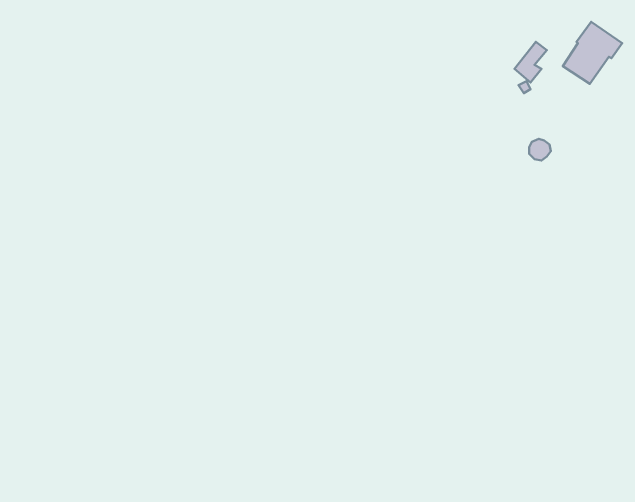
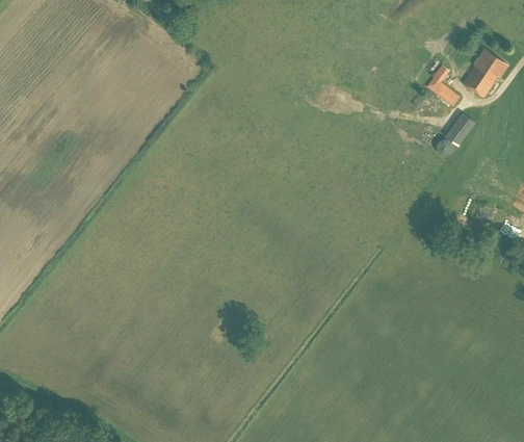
building: none -> [444,112,474,147]

